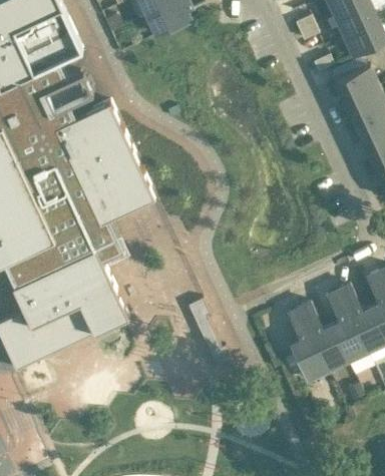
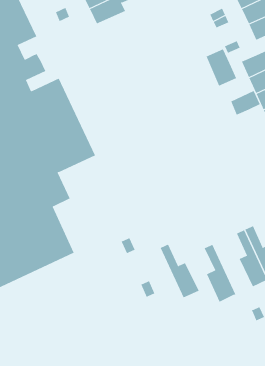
building: none -> [206,49,237,86]
building: none -> [231,90,261,116]
building: [300,303,349,370] -> [160,244,199,298]

